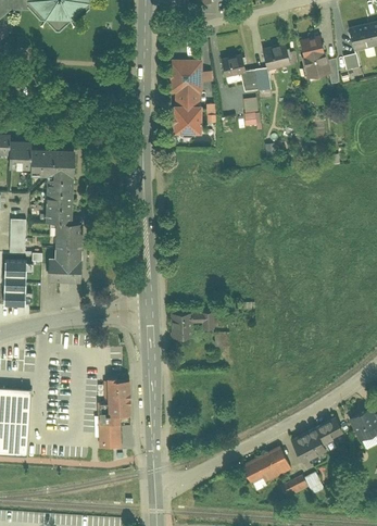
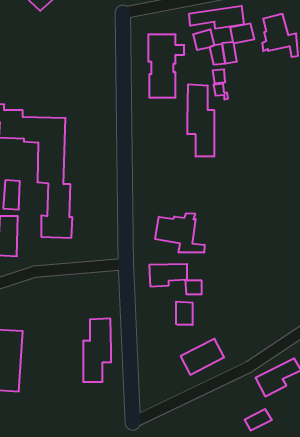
building: none -> [189,6,244,29]
building: none -> [187,84,214,157]
building: none -> [155,213,205,253]
building: none -> [176,302,193,325]
building: [241,447,290,487] -> [181,339,224,375]

